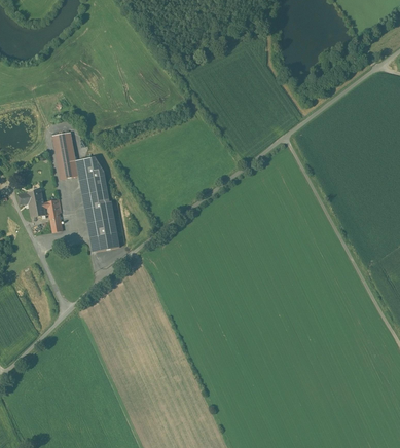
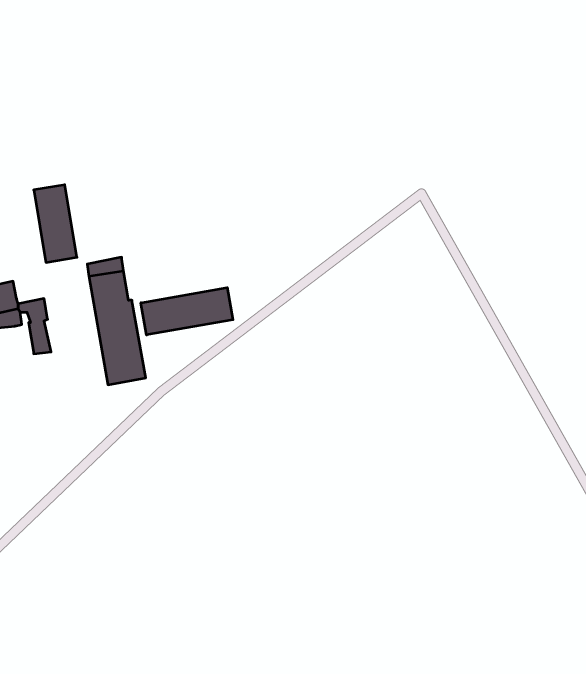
building: [79,156,104,179] -> none
building: none -> [141,288,233,335]

